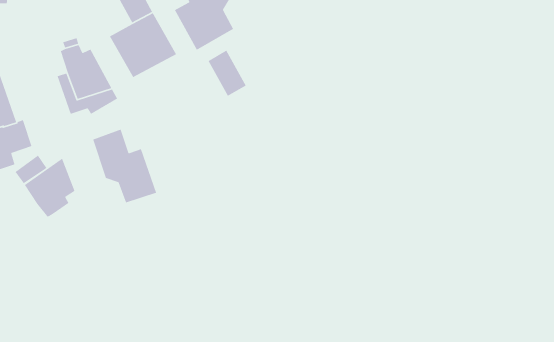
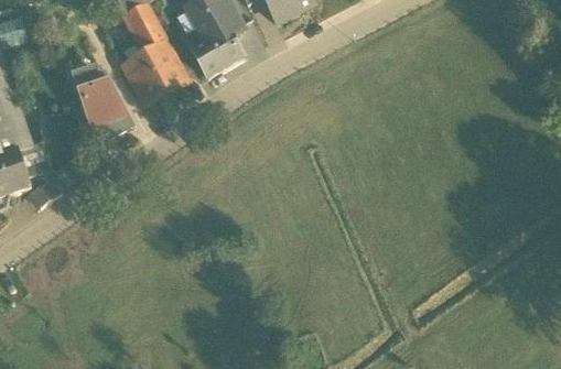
building: [207,50,247,97] -> none
building: [92,129,157,204] -> none
building: [24,157,75,218] -> none

